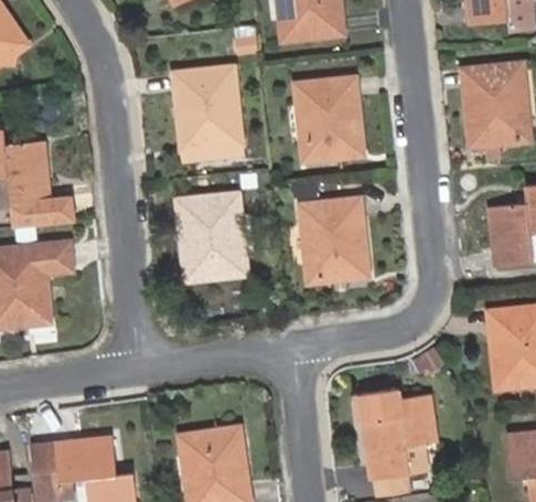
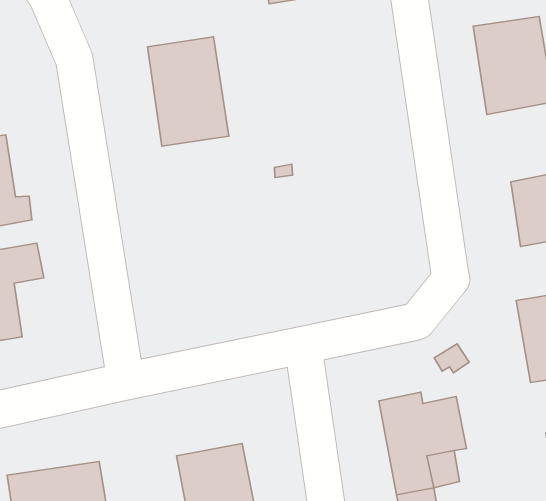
building: [298,78,363,162] -> none
building: [179,194,247,278] -> none
building: [301,200,368,282] -> none

